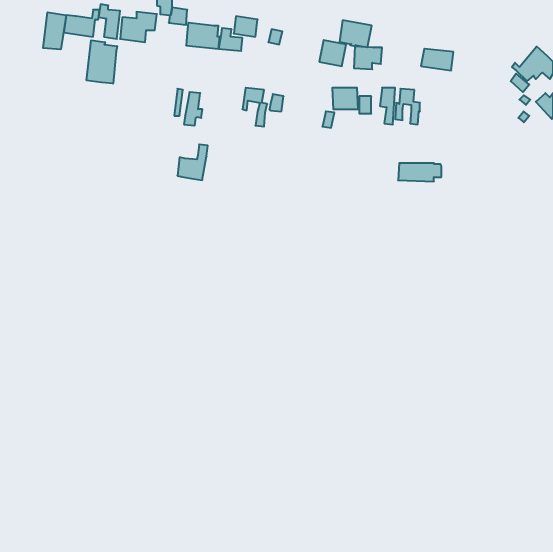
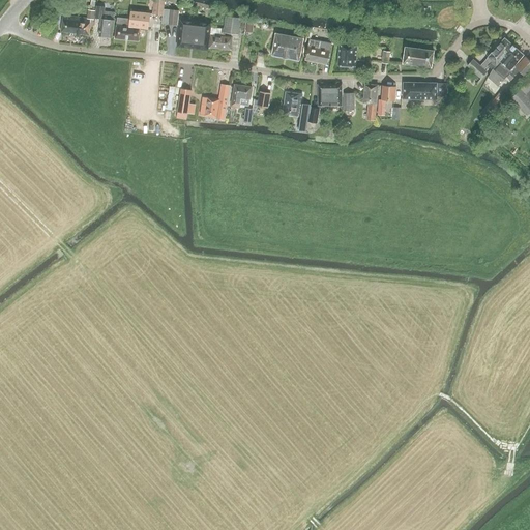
building: [43,12,66,49] -> none
building: [339,20,372,47] -> [272,33,303,59]
building: none -> [467,37,513,78]
building: [87,40,117,84] -> none
building: none -> [283,91,310,130]
building: [177,144,208,180] -> [201,84,230,118]
building: [398,163,441,181] -> [403,82,444,99]

